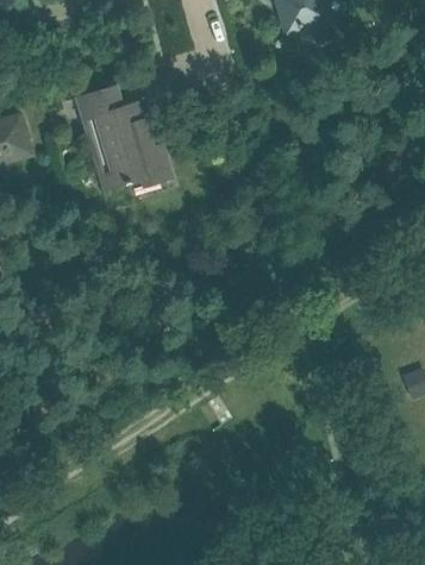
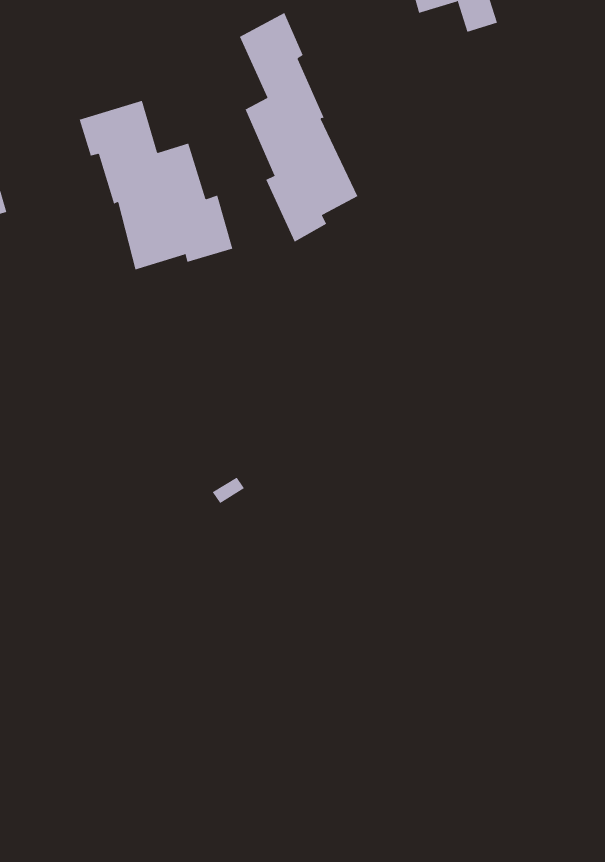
building: none -> [239,12,358,243]

